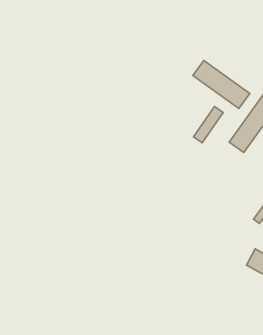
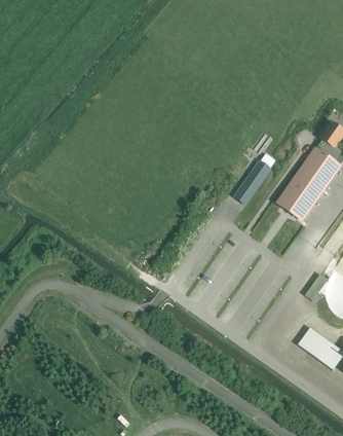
building: [193,60,250,109] -> none

